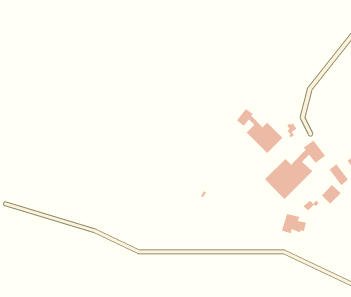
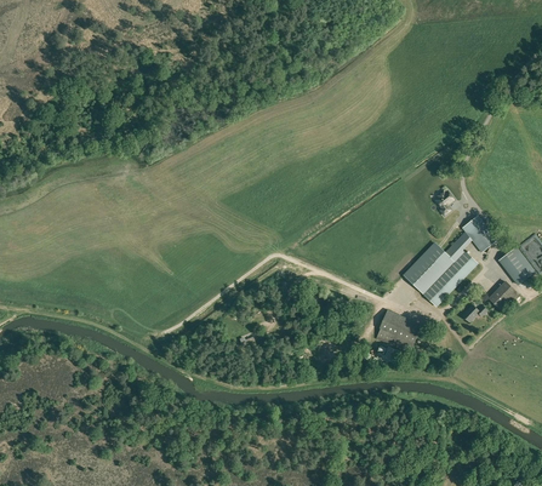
building: [236,108,283,154] -> none
building: [281,213,307,234] -> [378,309,417,341]

